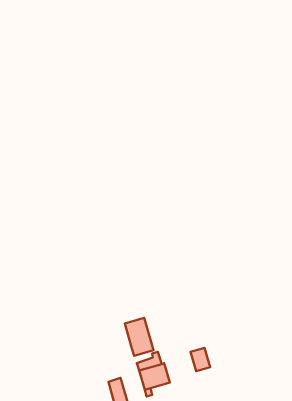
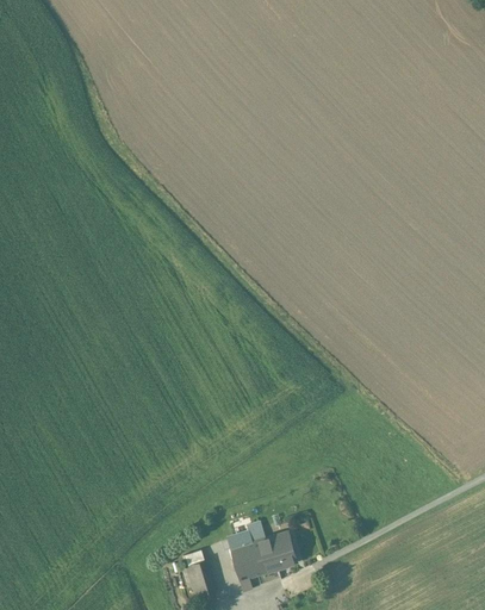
building: [125,318,154,356] -> none
building: [191,348,210,371] -> [266,534,294,568]

